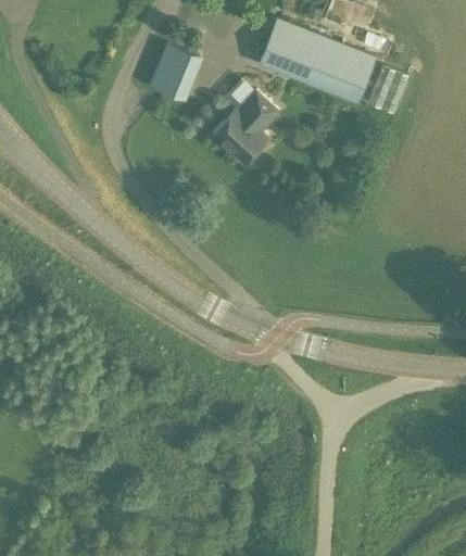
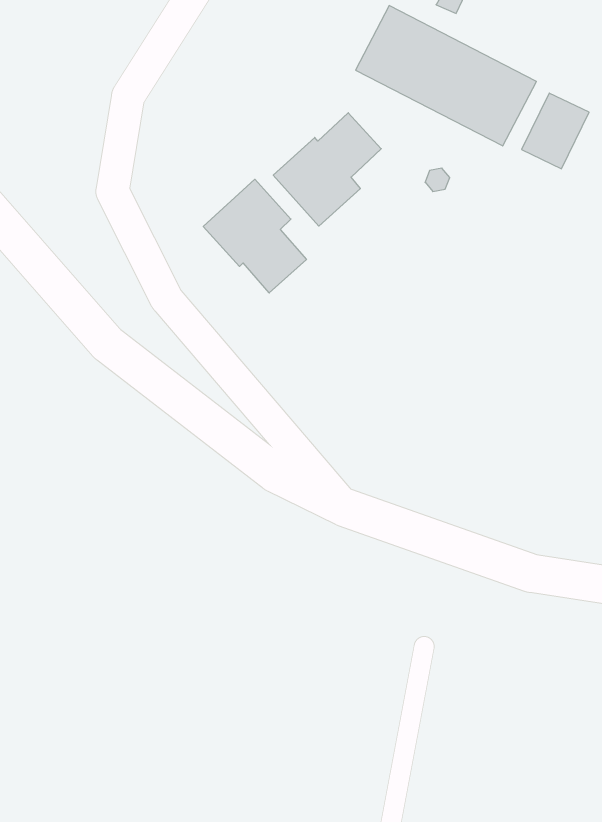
building: [152,43,201,97] -> none
building: none -> [203,179,306,293]

